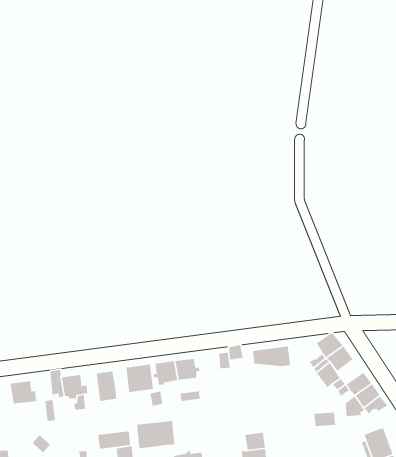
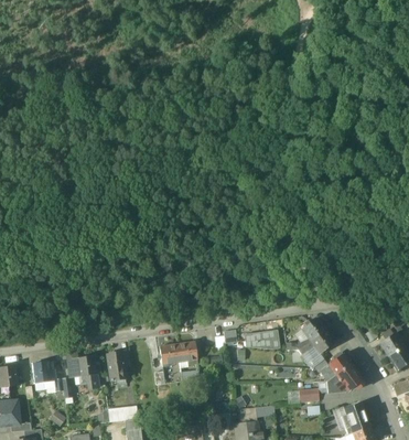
building: [125,364,154,393] -> none
building: [136,420,175,449] -> none

